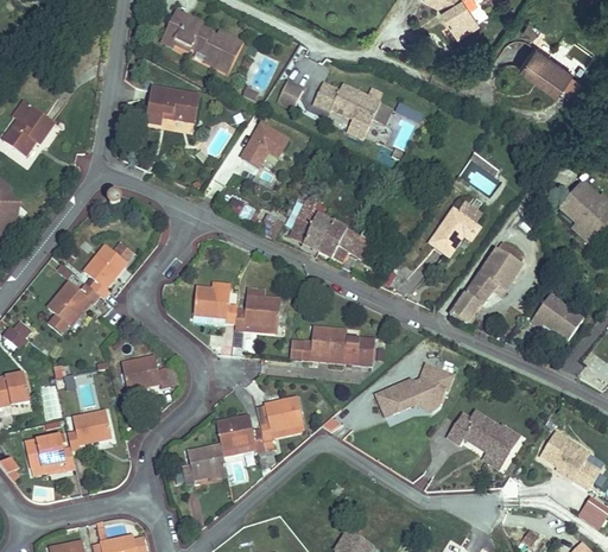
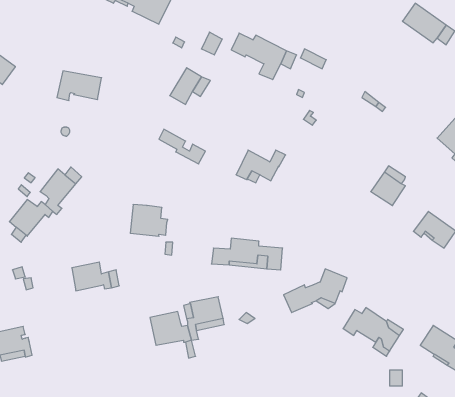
building: [145,88,198,123] -> [57,71,102,101]
building: [289,195,332,250] -> none
building: [429,197,481,255] -> none
building: [449,271,506,322] -> none
building: [234,287,279,331] -> none
building: [66,410,110,450] -> none
building: [180,442,226,484] -> none

